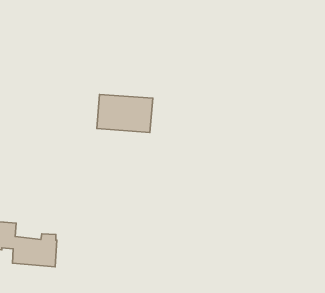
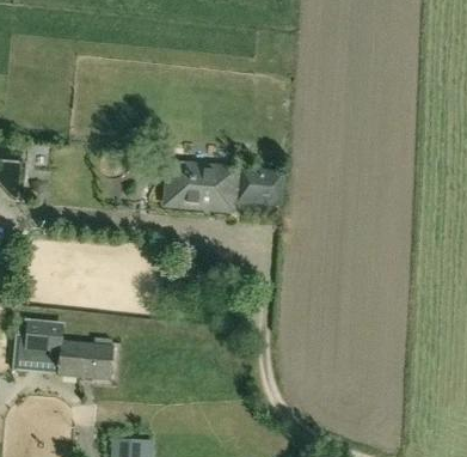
building: none -> [235,171,278,202]

